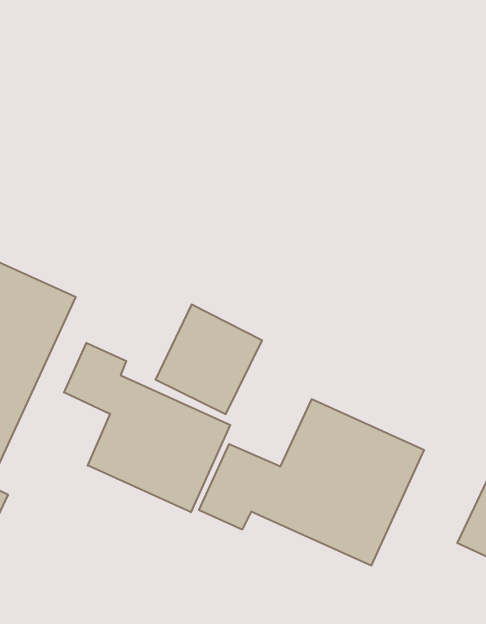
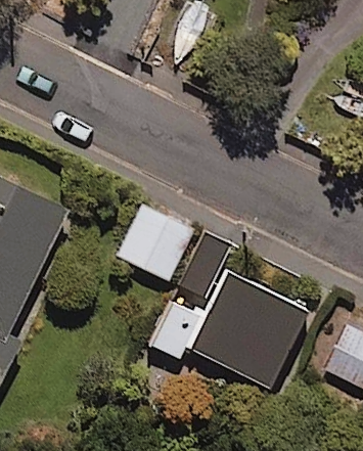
building: [64,343,230,512] -> none

